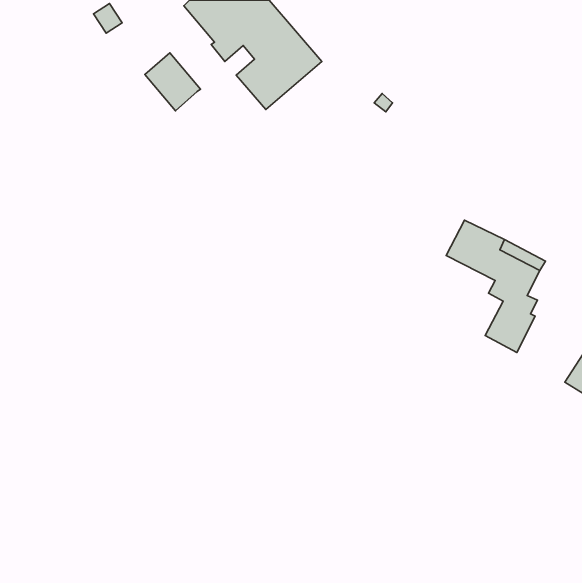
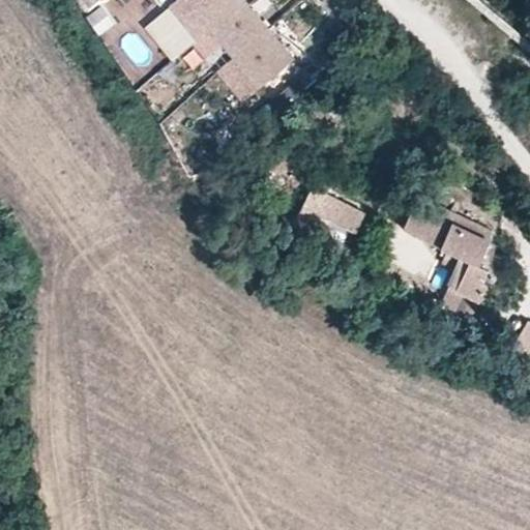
building: [145,53,201,111] -> [145,5,196,58]
building: none -> [298,188,369,239]

